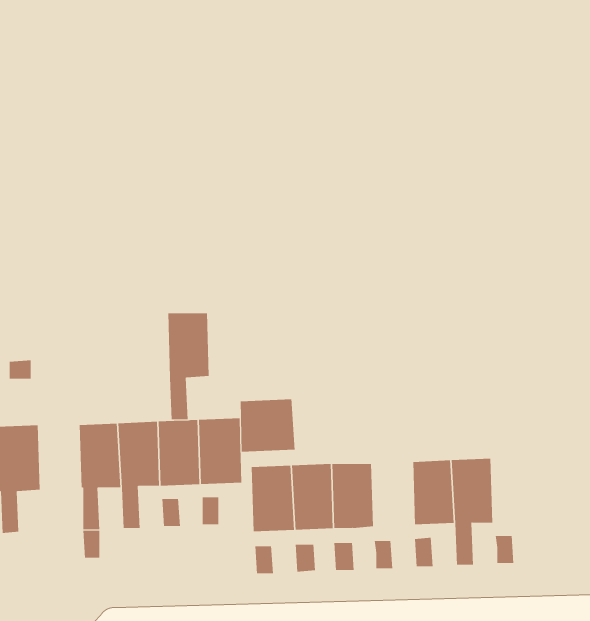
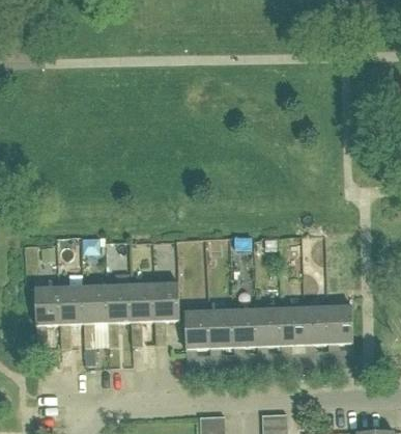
building: [167,313,209,420] -> [59,286,84,349]
building: [240,399,295,453] -> none
building: none -> [326,304,352,344]
building: none -> [256,307,281,346]

